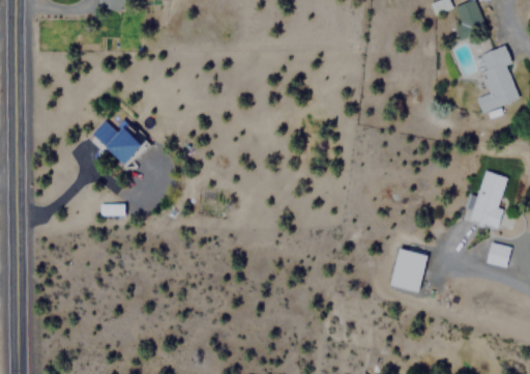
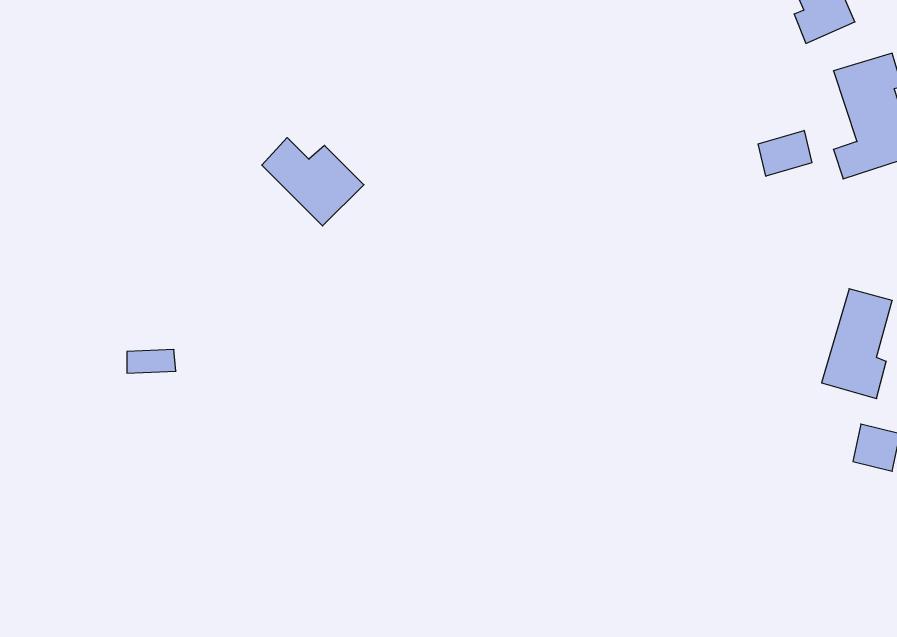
building: none -> [758,130,812,176]
building: [92,120,146,167] -> [262,138,364,226]
building: [389,248,426,291] -> none

